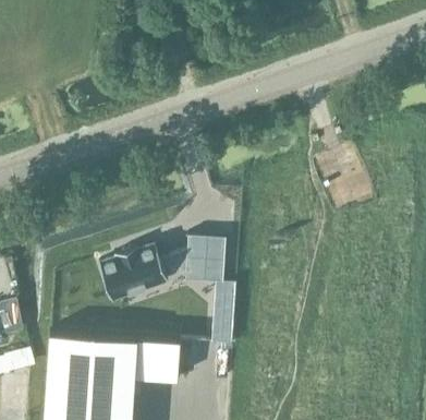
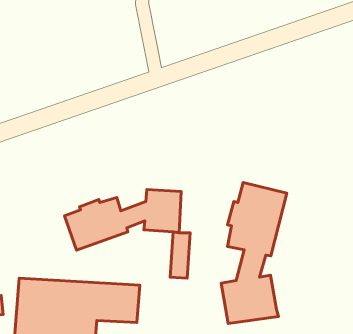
building: none -> [221,183,287,323]

